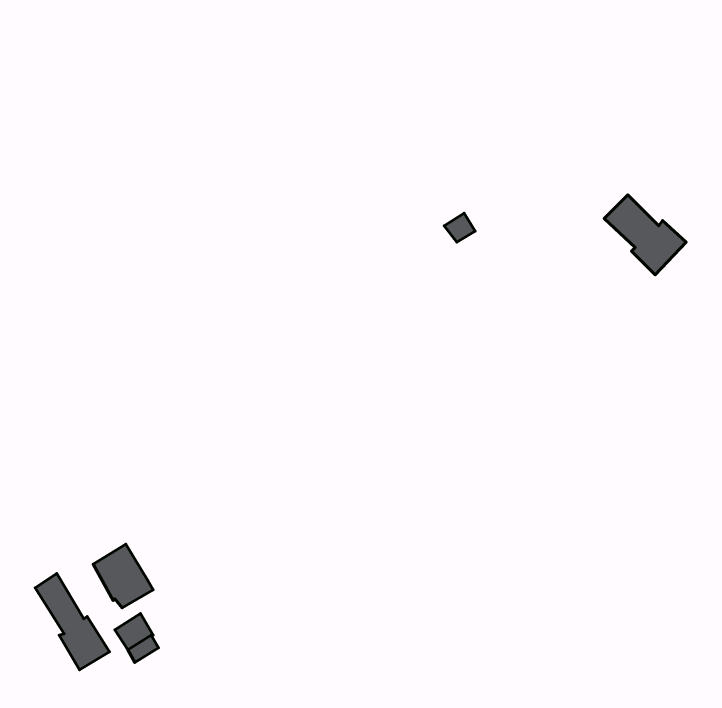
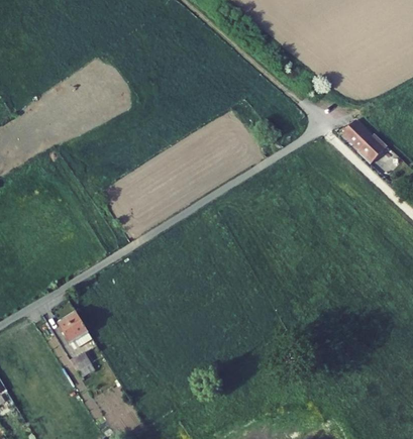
building: [35,573,109,670] -> none

